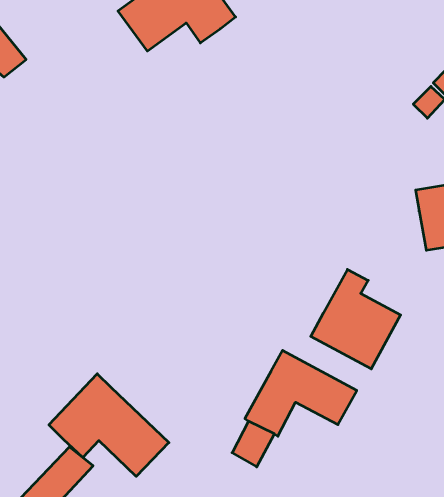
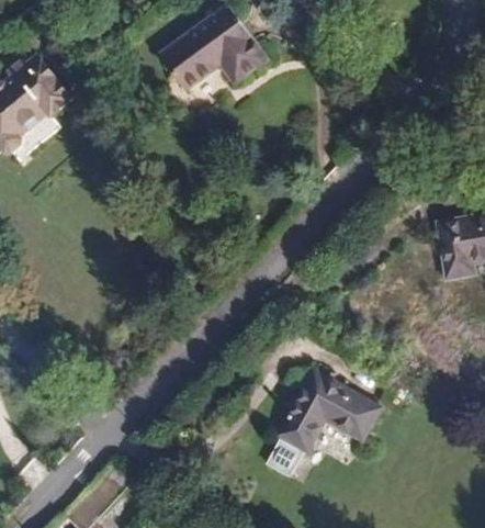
building: [311,269,401,369] -> none
building: [49,374,169,476] -> none

